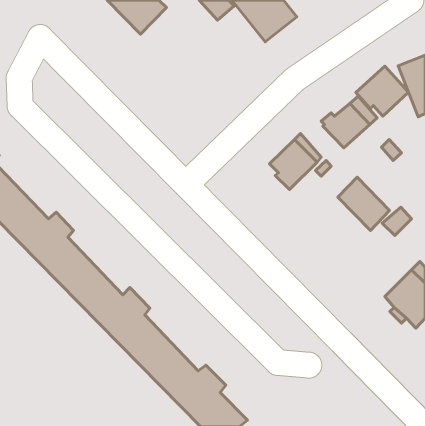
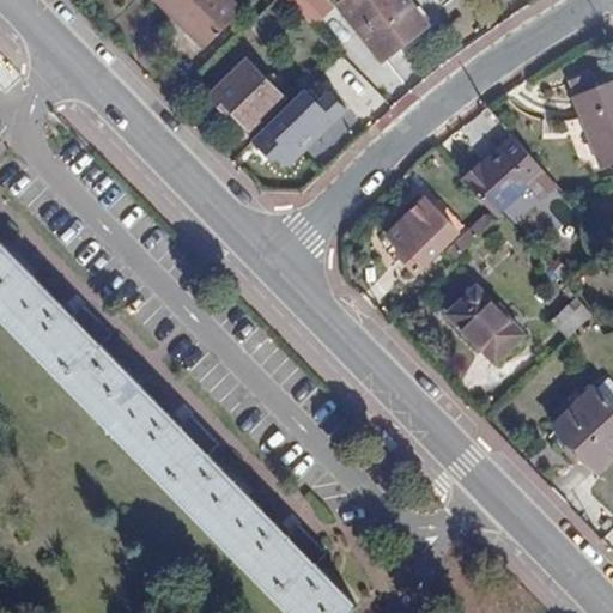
building: none -> [208,62,281,131]
building: none -> [249,91,347,177]
building: [356,66,408,116] -> none
building: [338,177,390,231] -> [445,286,520,363]

